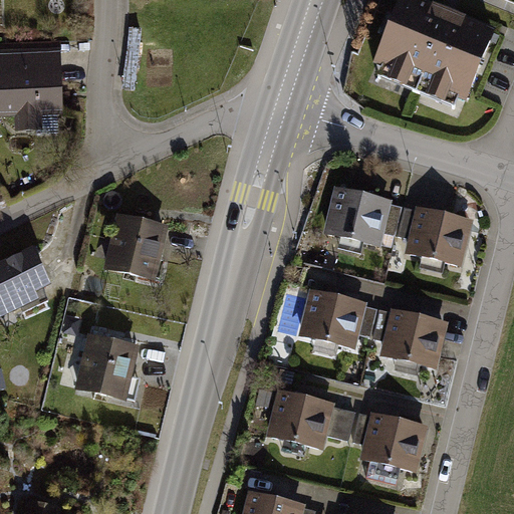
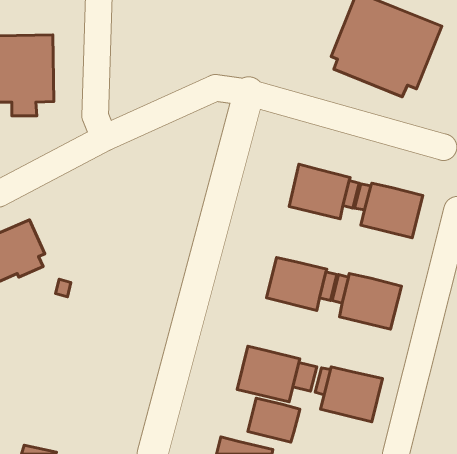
building: [103,212,167,279] -> none
building: [74,327,139,401] -> none
building: none -> [248,398,300,442]

